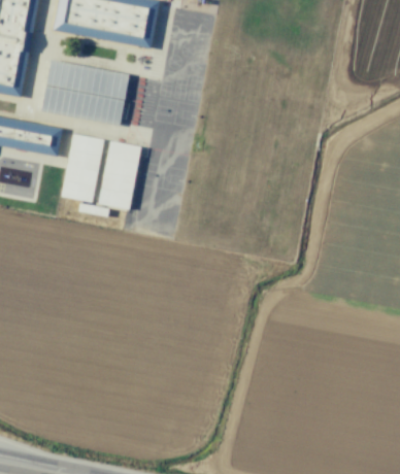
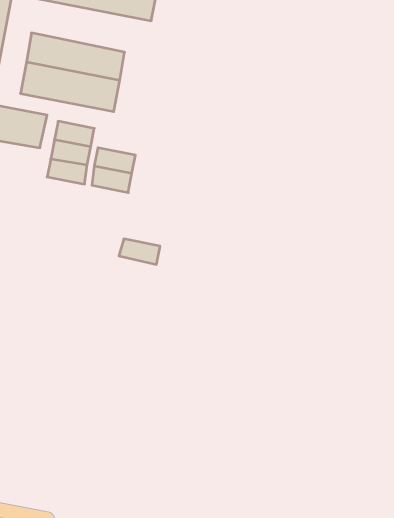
building: [108,140,142,162] -> none
building: [63,180,97,202] -> none
building: [99,188,134,209] -> [119,239,160,264]

